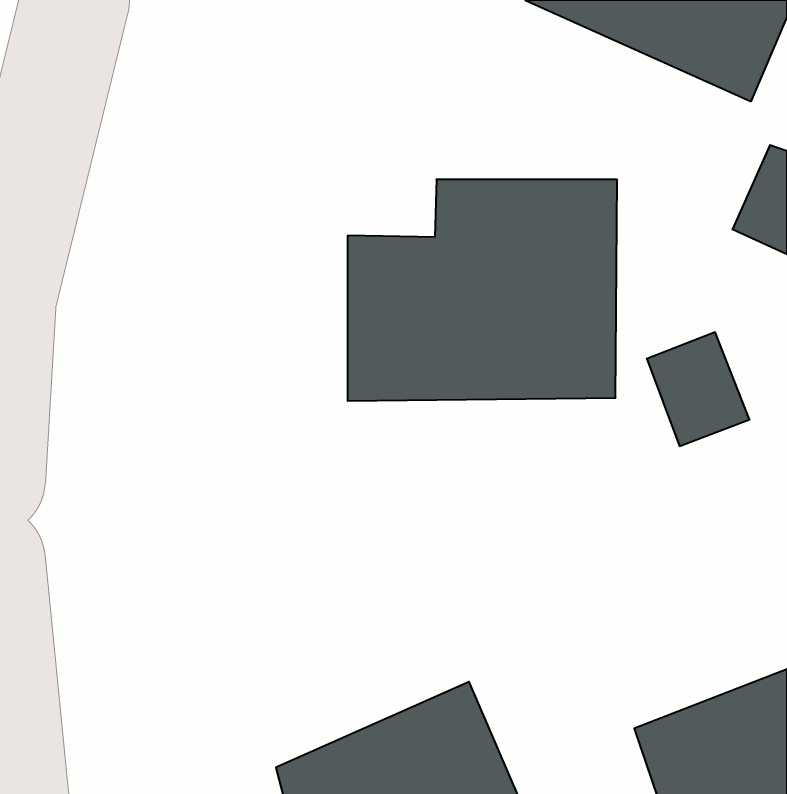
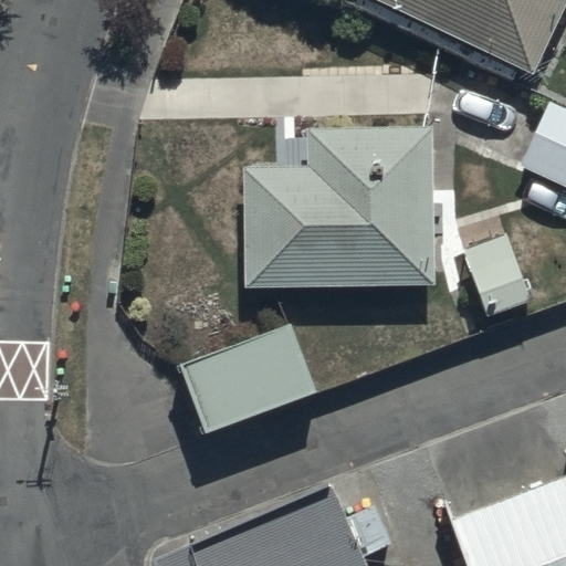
building: none -> [178,323,318,434]

